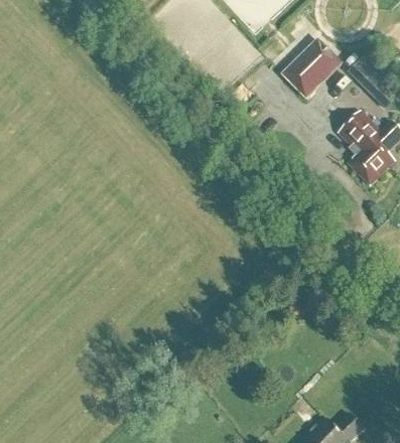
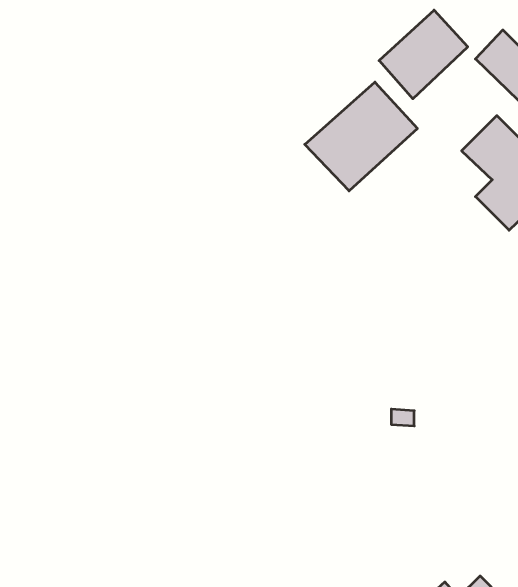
building: none -> [305,82,417,191]

